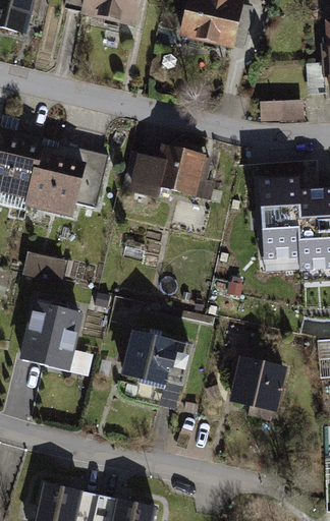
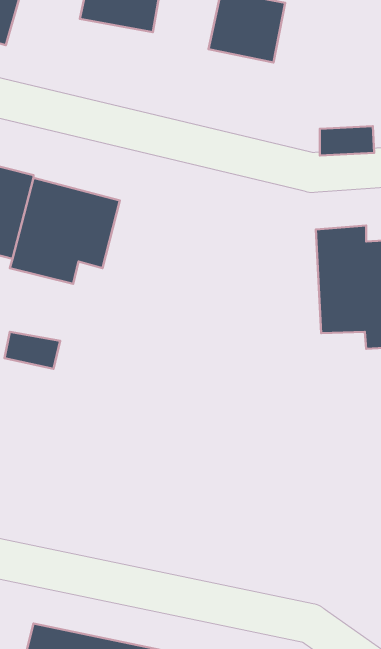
building: [126,147,207,201] -> none
building: [23,307,79,372] -> none
building: [124,335,184,387] -> none
building: [229,360,286,414] -> none

